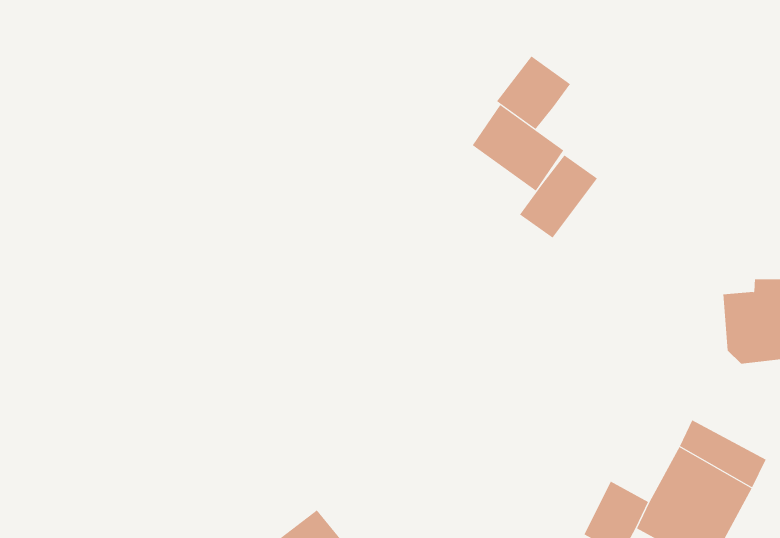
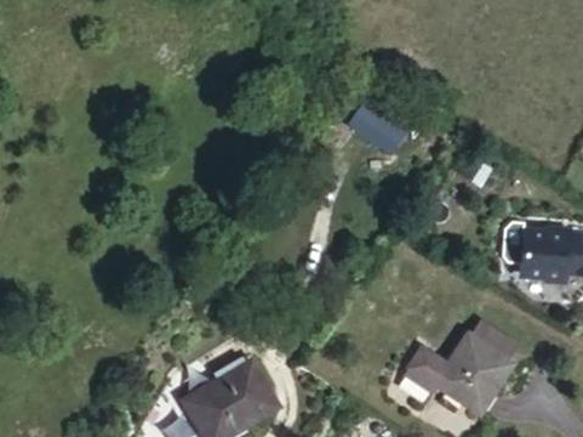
building: [496,56,571,130] -> none
building: [519,154,598,239] -> none

